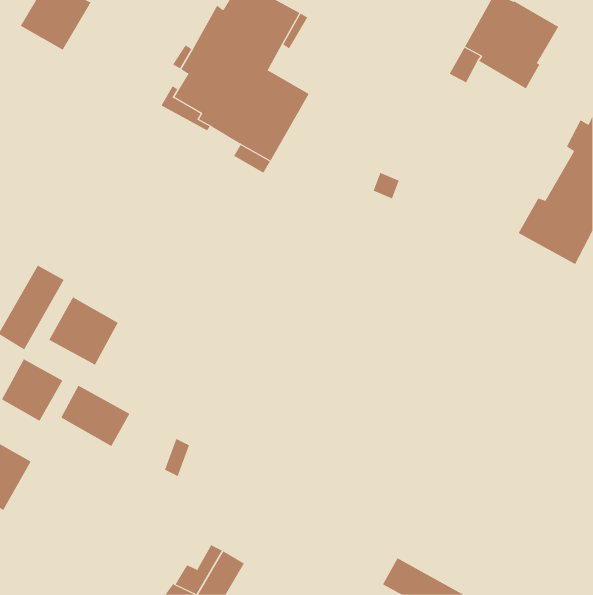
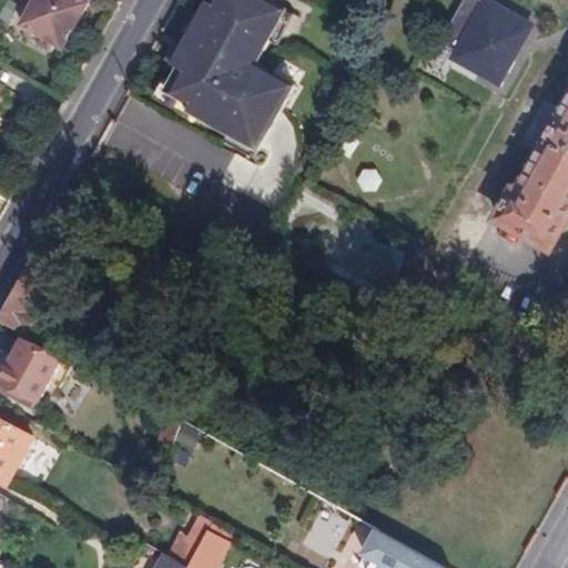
building: [49,296,119,366] -> none
building: [61,385,130,447] -> none

